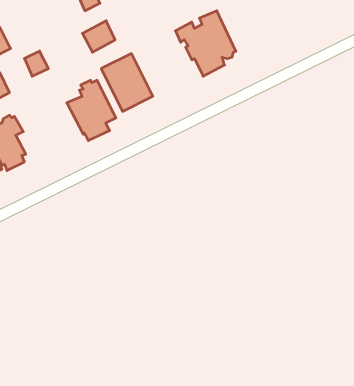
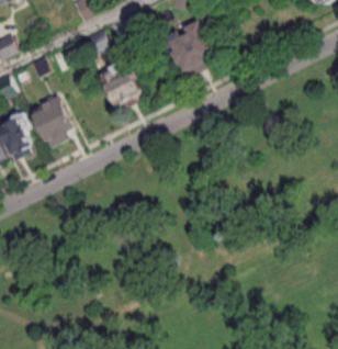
building: [67,80,116,141] -> [30,95,72,148]

